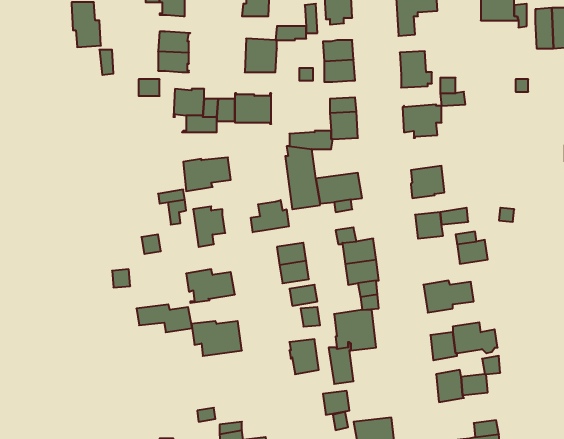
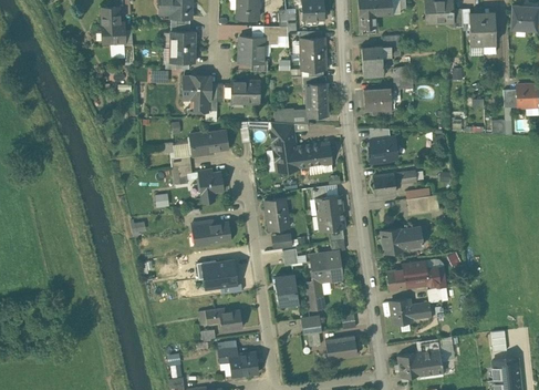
building: [251,200,289,232] -> none
building: [136,304,192,332] -> [199,308,243,330]

